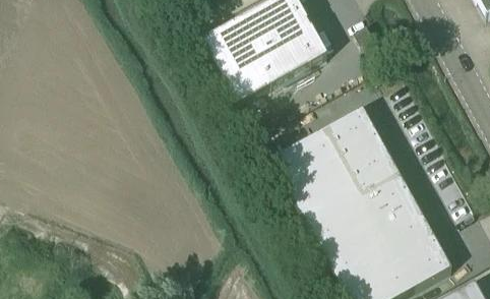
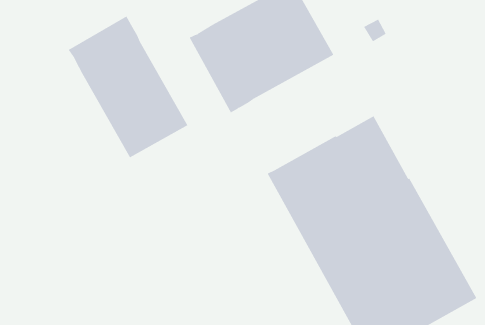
building: none -> [68,16,188,158]

